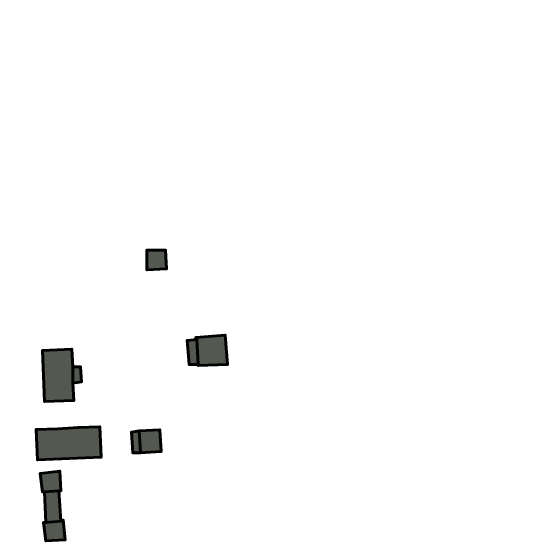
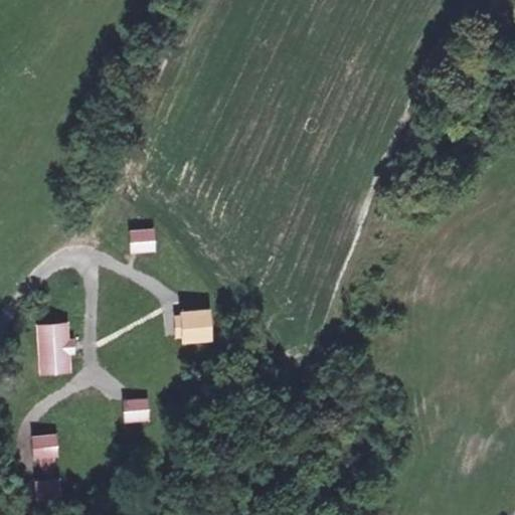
building: [36,427,101,460] -> none

